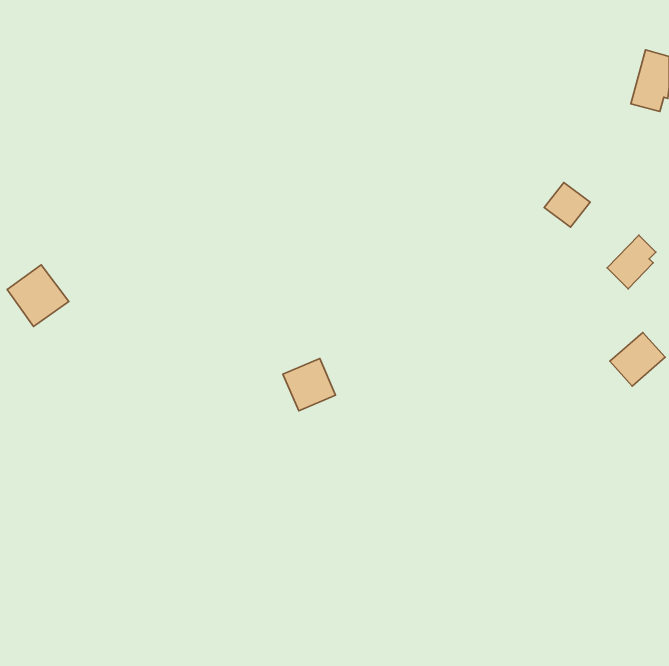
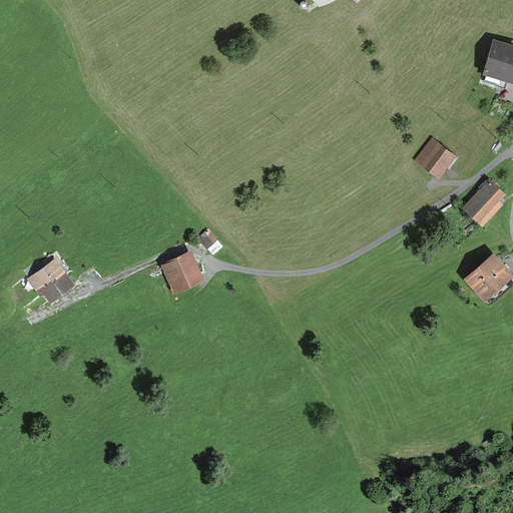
building: [7,265,69,326] -> [33,251,80,299]
building: [283,358,336,411] -> [165,248,205,289]

